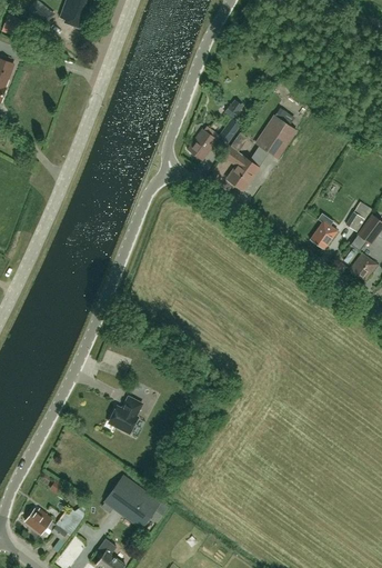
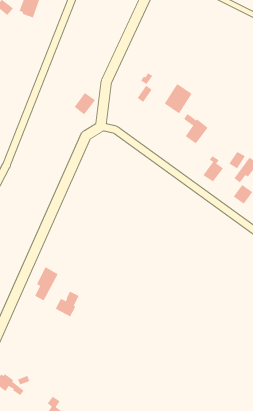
building: [188,129,218,160] -> [74,92,96,115]
building: [224,148,259,190] -> [183,113,209,144]
building: none -> [35,266,59,301]
building: [108,475,160,524] -> none

